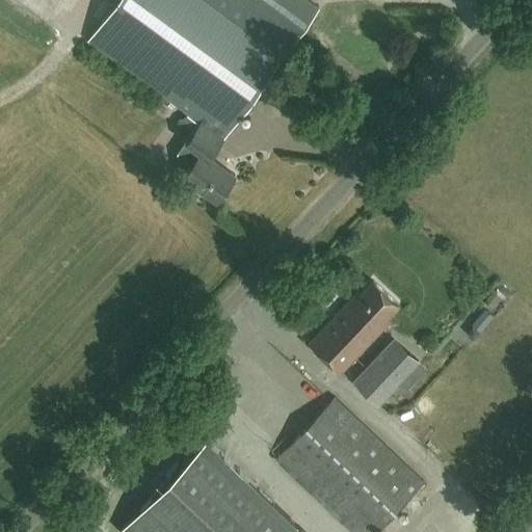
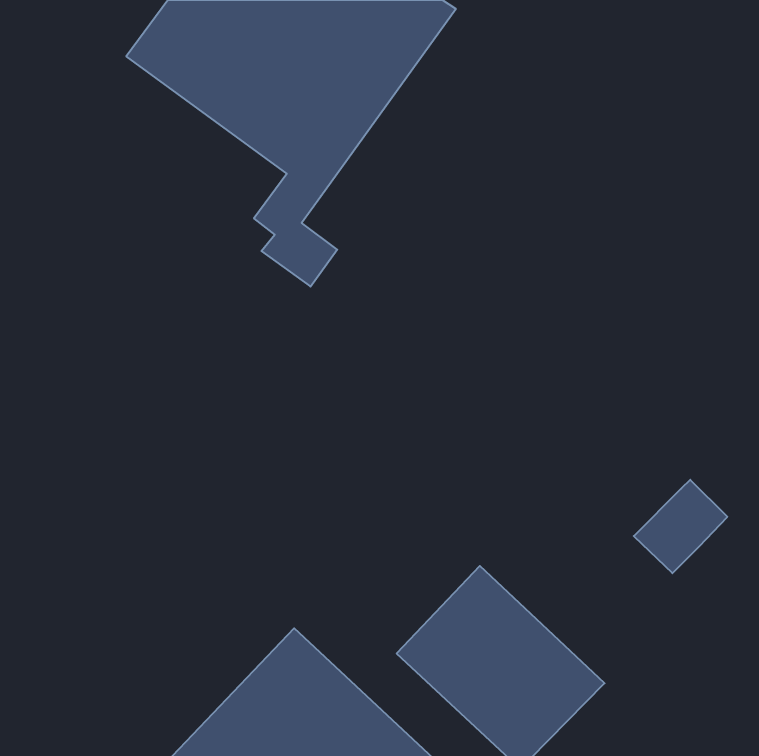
building: [310,283,399,375] -> none
building: [354,341,420,406] -> [634,480,727,573]

